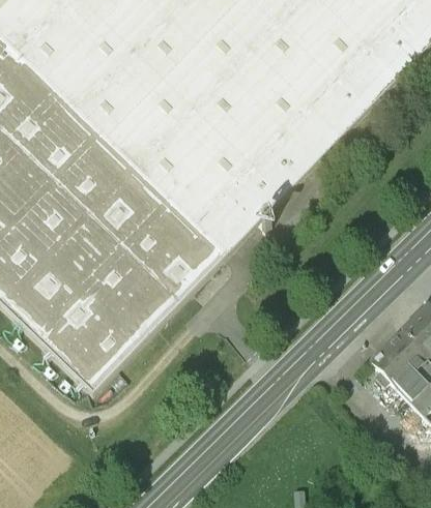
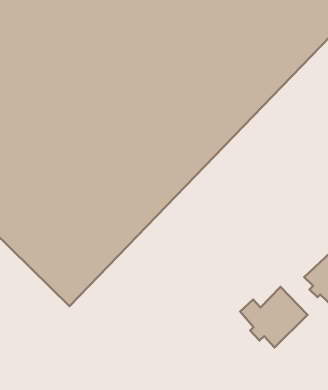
building: none -> [240,287,307,347]

